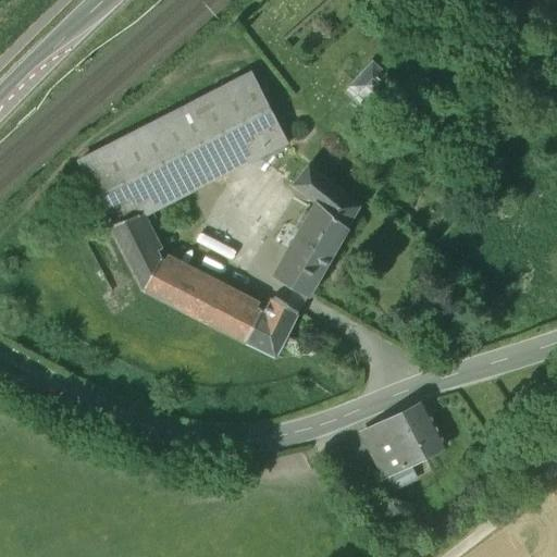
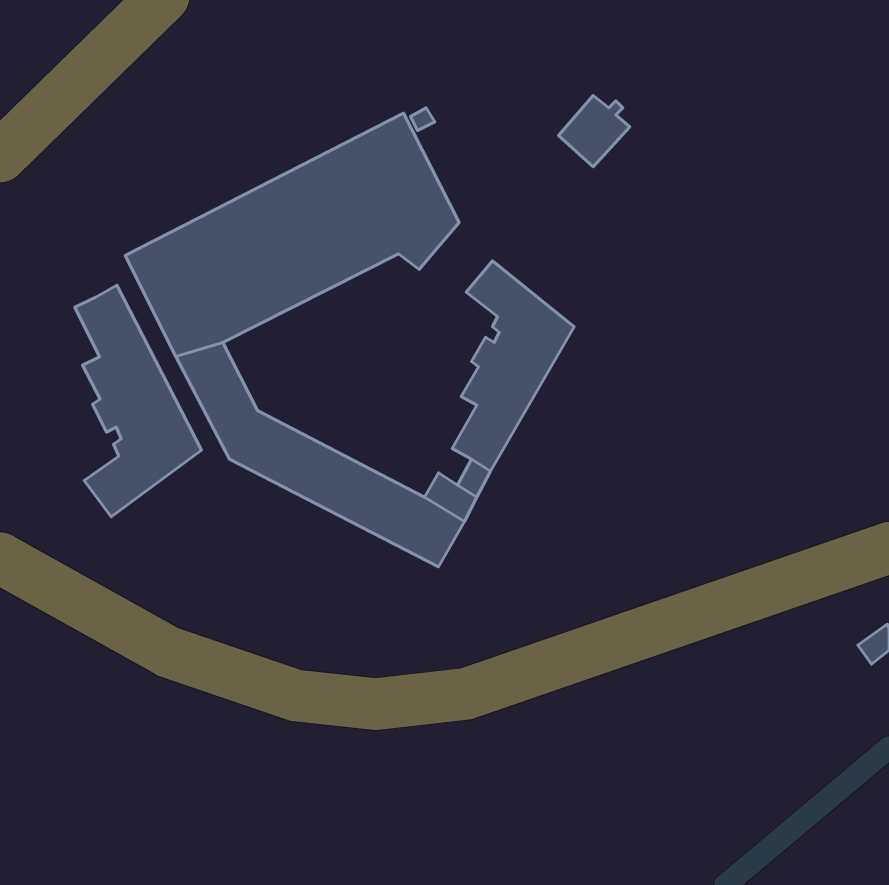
building: none -> [75,285,202,517]
building: [362,403,445,478] -> none

